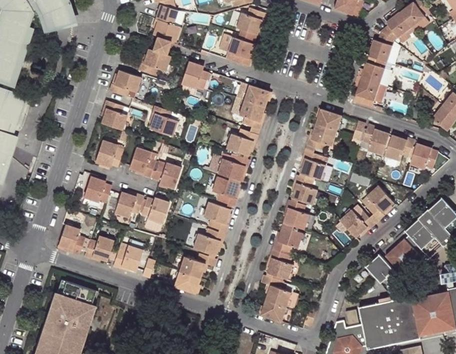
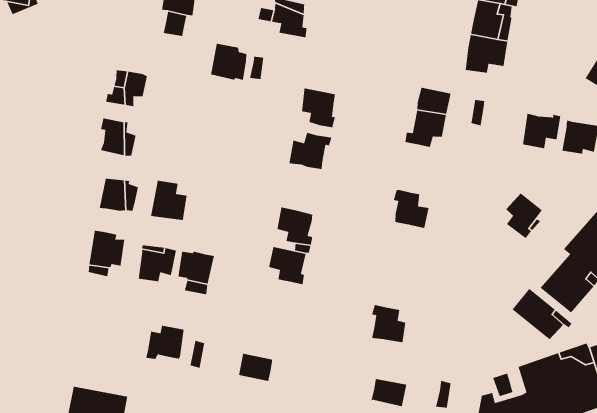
building: [139,49,171,75] -> none
building: [237,82,270,106] -> none
building: [151,106,176,135] -> none
building: [363,125,389,156] -> none
building: [300,151,326,180] -> none
building: [219,154,250,181] -> none
building: [154,162,181,187] -> none
building: [284,201,309,230] -> none
building: [341,211,376,238] -> none
building: [57,225,84,255] -> none
building: [273,228,303,254] -> none
building: [193,230,225,255] -> none
building: [84,236,113,261] -> none
building: [179,255,217,279] -> none
building: [261,277,292,308] -> none

